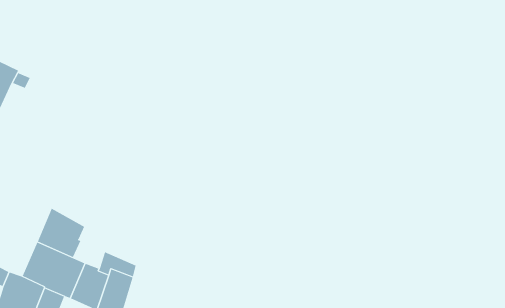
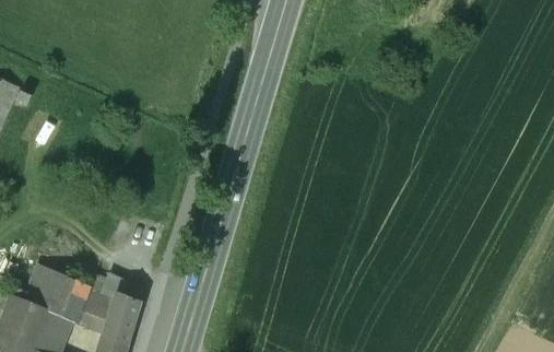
building: [37,208,85,258] -> none

